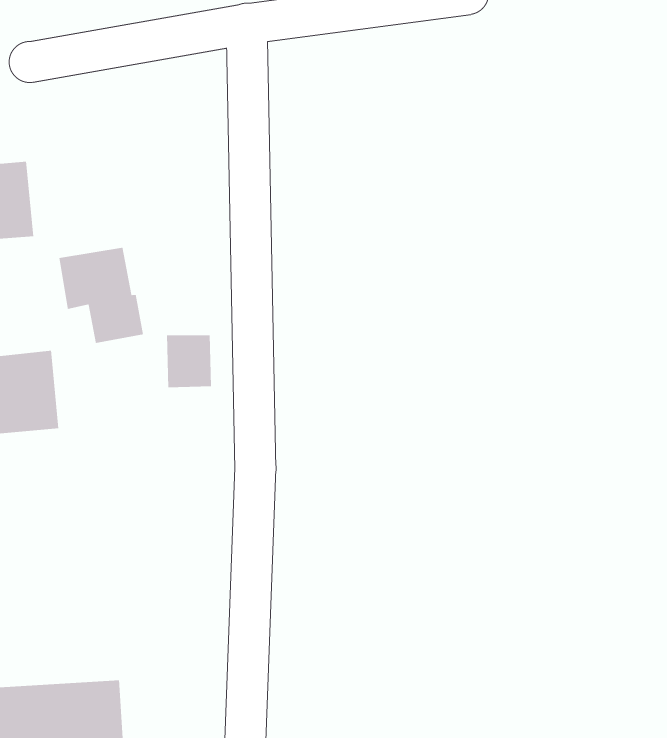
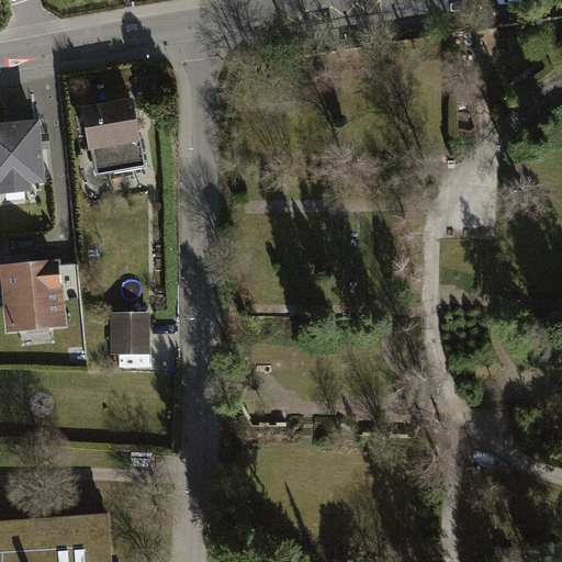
building: [58,247,144,343] -> [82,103,146,175]
building: [166,335,212,388] -> [113,315,147,355]

